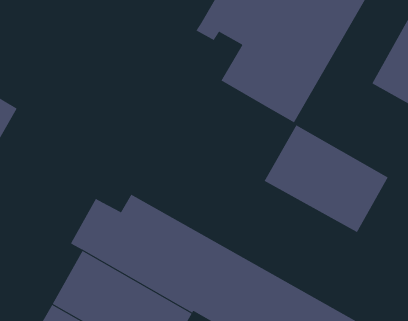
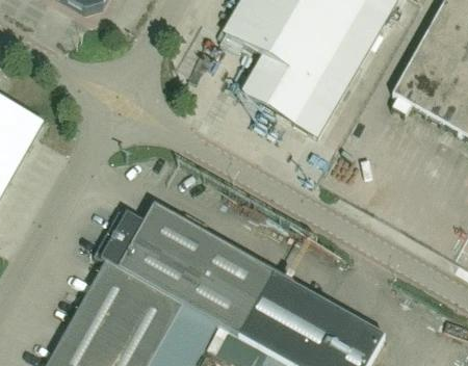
building: [264,125,389,233] -> none

